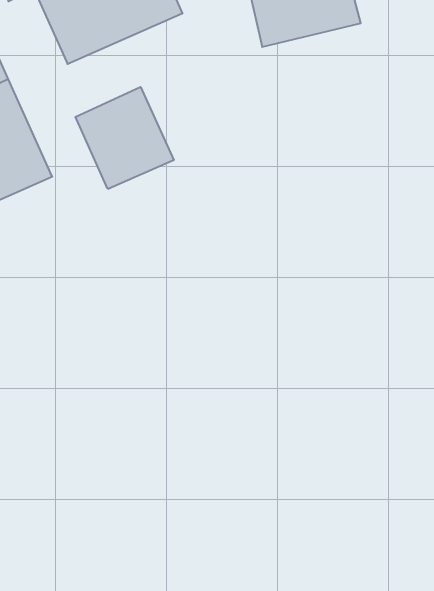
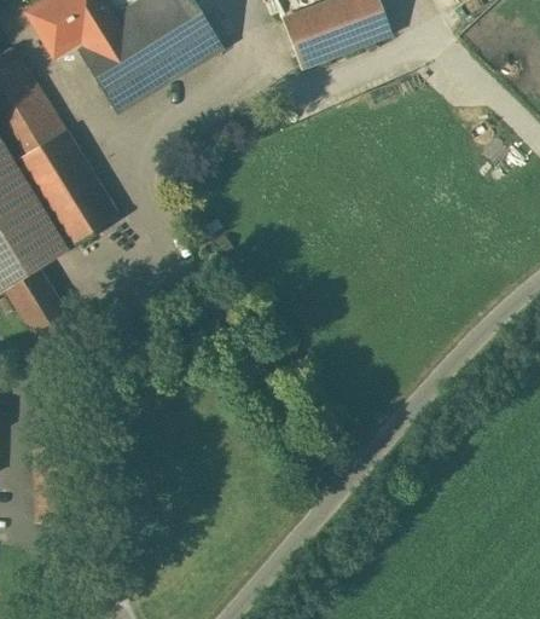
building: [75,87,174,189] -> none

